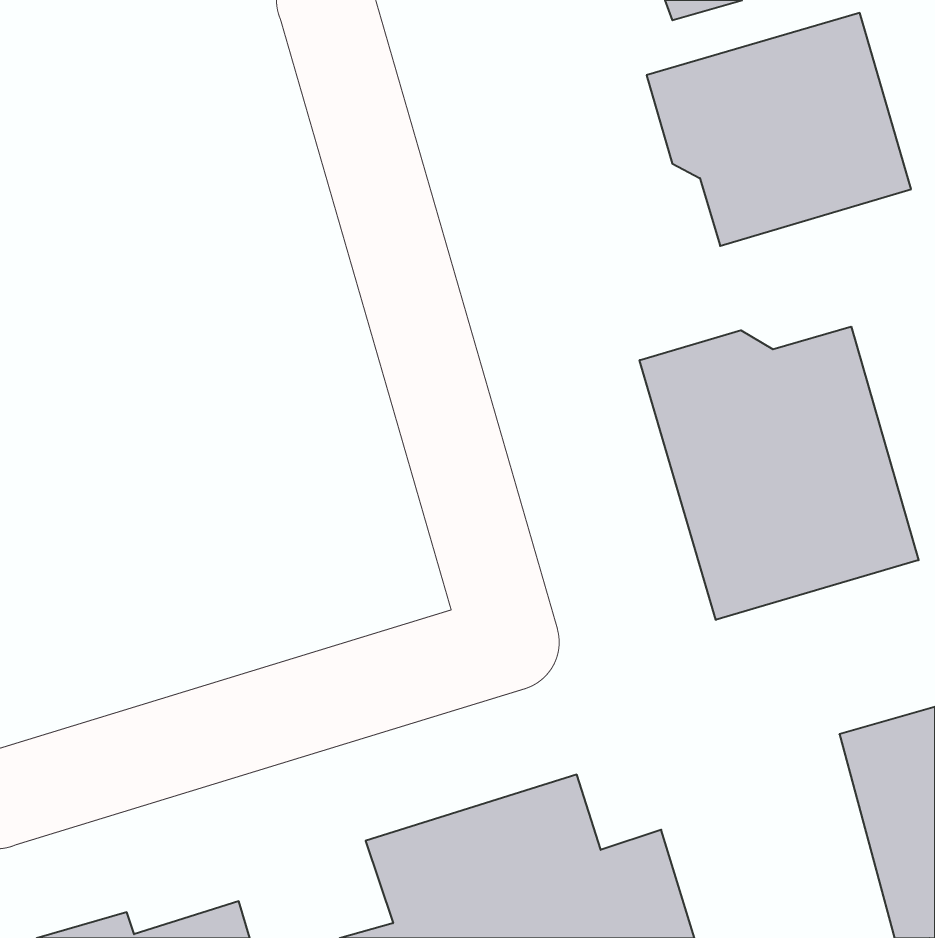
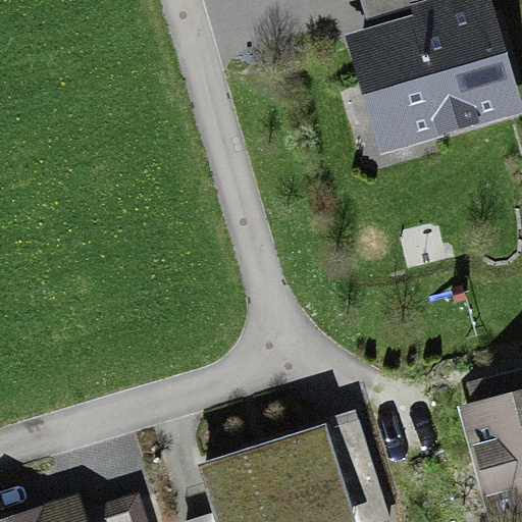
building: [640,327,919,620] -> none

